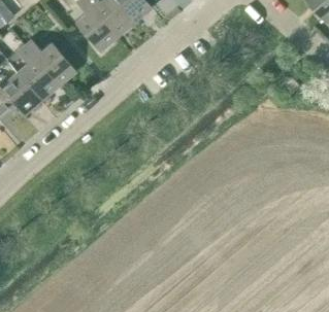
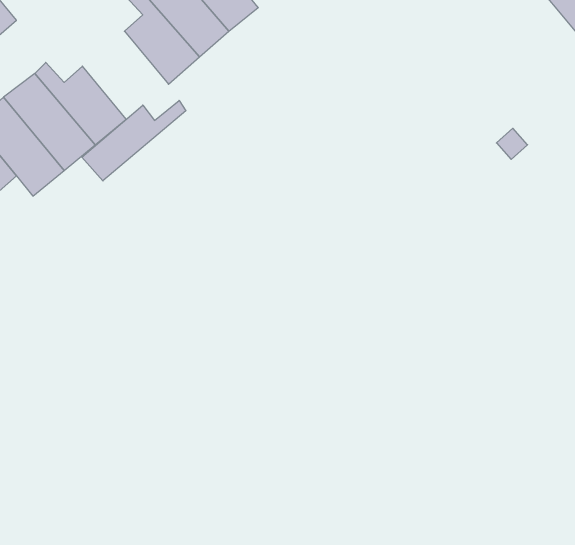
building: none -> [82,100,186,181]

